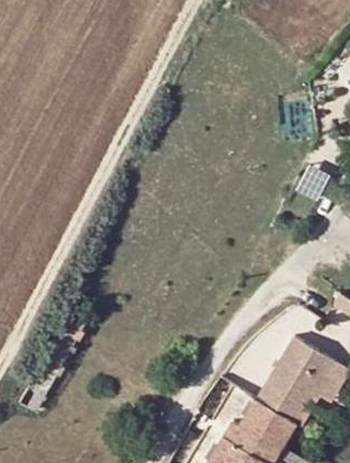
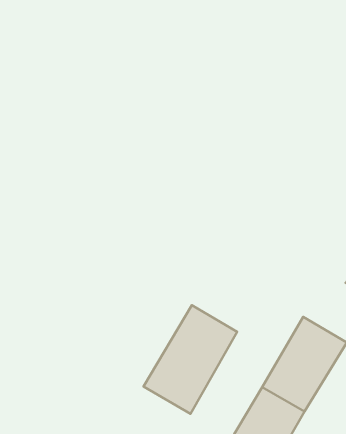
building: none -> [144,305,237,414]

